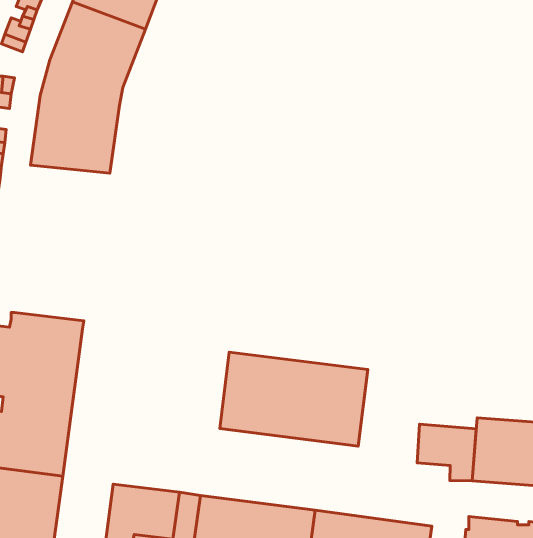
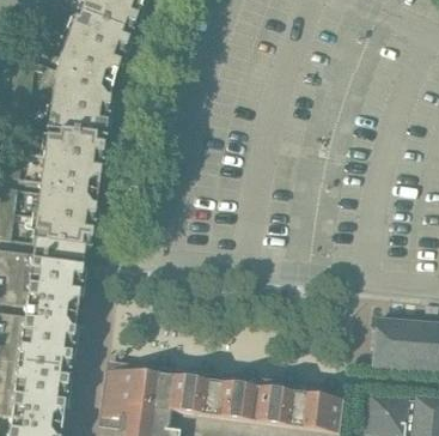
building: none -> [32,131,105,247]
building: [220,352,368,446] -> none
building: [417,424,476,481] -> none

